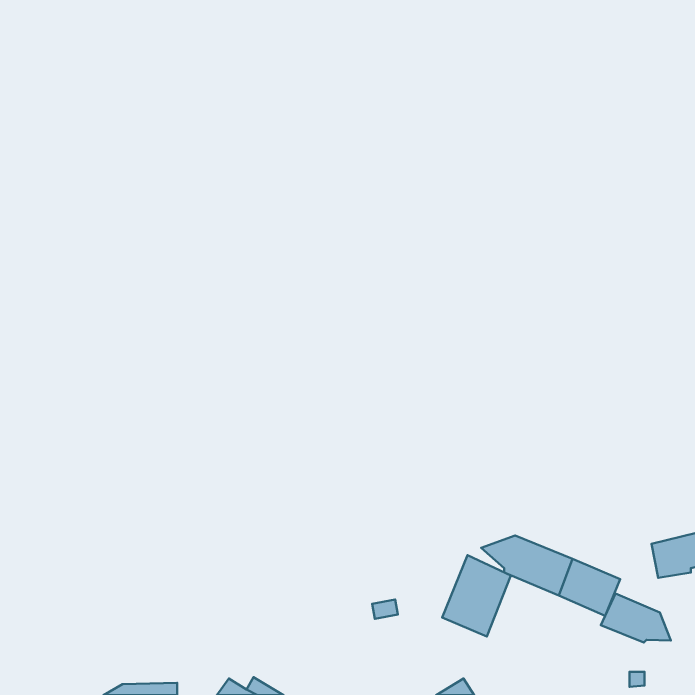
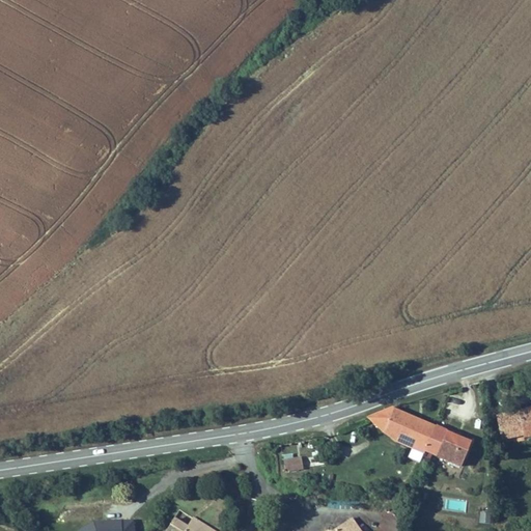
building: [442,555,511,637] -> none
building: [601,593,671,643] -> none

